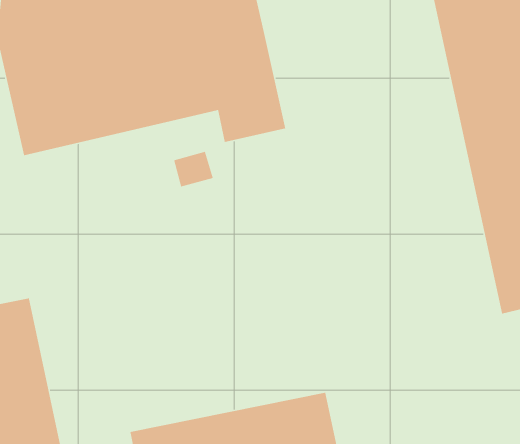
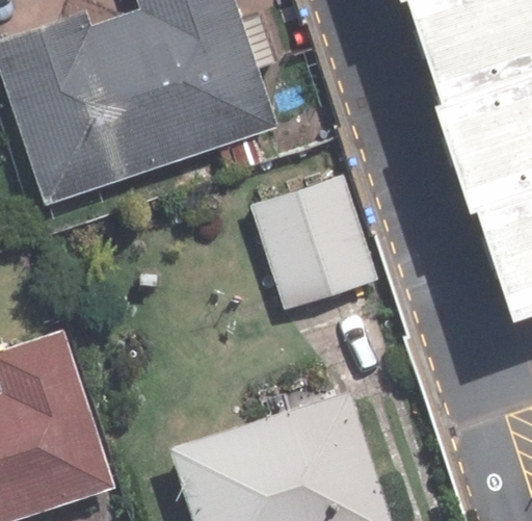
building: none -> [252,173,377,305]

